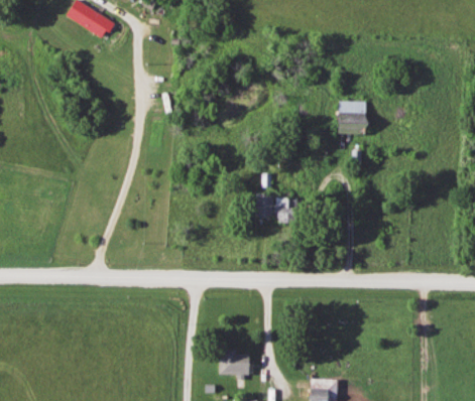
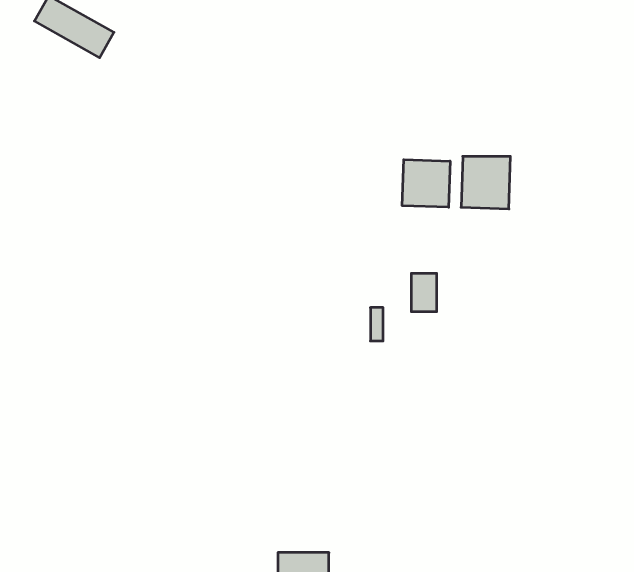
building: none -> [402,160,450,207]
building: [258,193,274,218] -> [411,273,437,312]

